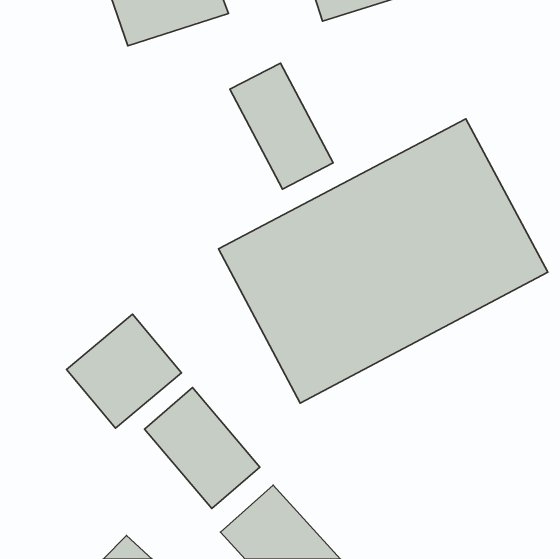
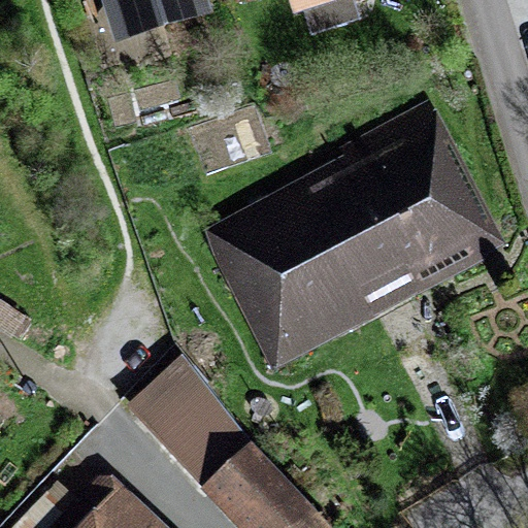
building: [230,63,333,189] -> none
building: [67,314,181,428] -> none

